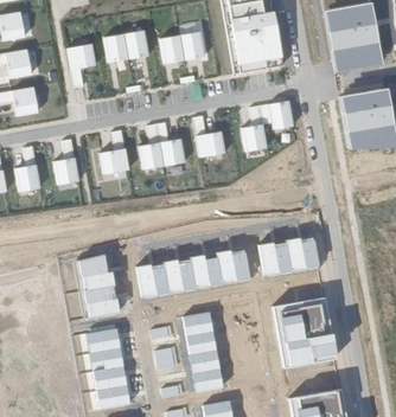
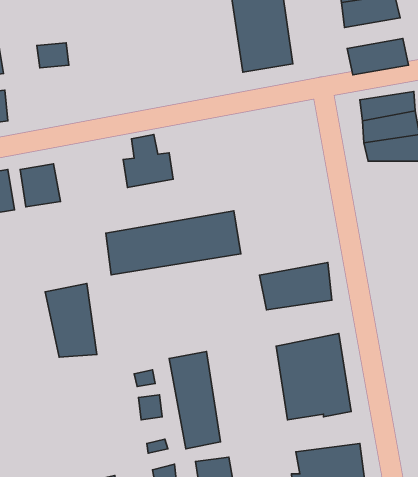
building: [328,25,378,51] -> none
building: [104,32,146,60] -> none
building: [161,32,204,64] -> none
building: [239,100,294,155] -> none
building: [194,118,223,156] -> none
building: [102,131,127,174] -> none
building: [135,244,250,299] -> [106,211,241,275]
building: [84,327,129,409] -> none

